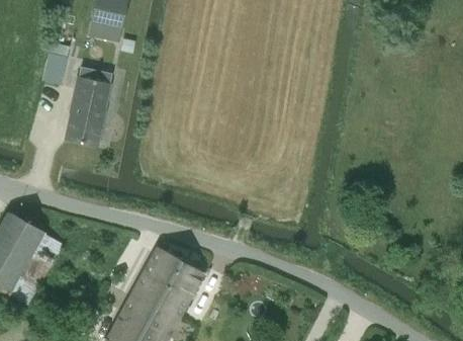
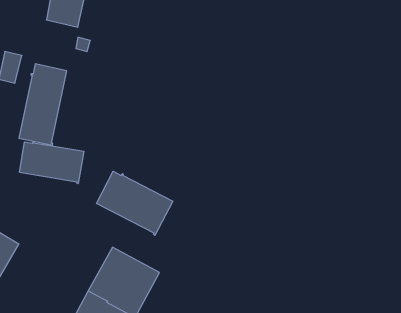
building: none -> [20,142,84,184]
building: none -> [97,171,173,235]

